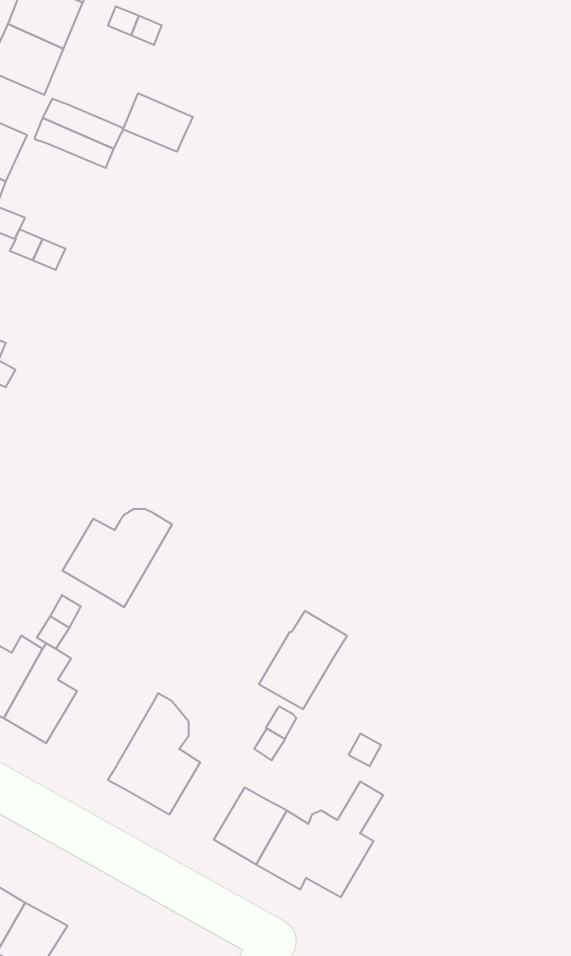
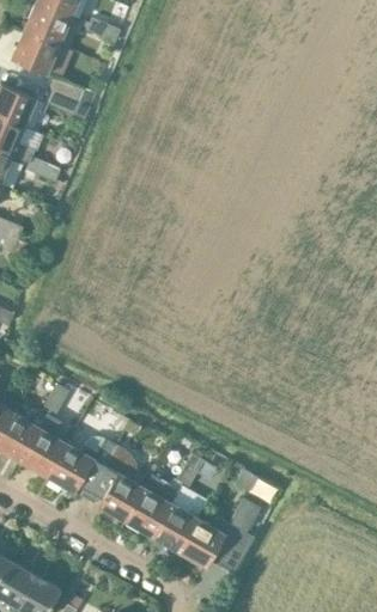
building: [123,93,193,152] -> none
building: [62,509,172,607] -> [49,440,117,501]
building: [259,611,347,709] -> [126,477,181,538]

